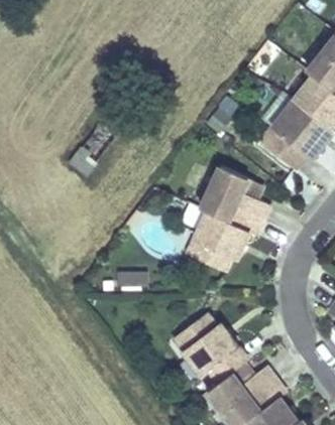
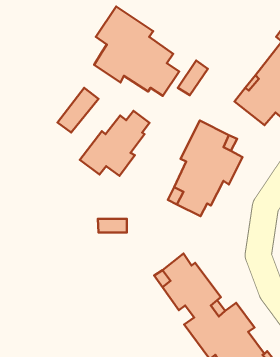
building: none -> [94,7,179,96]
building: none -> [80,111,149,176]

